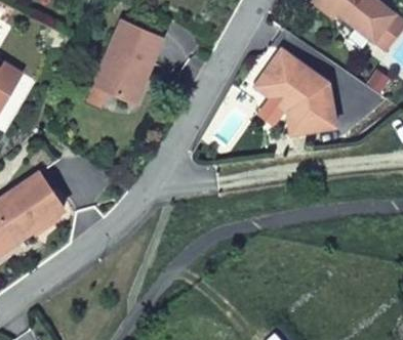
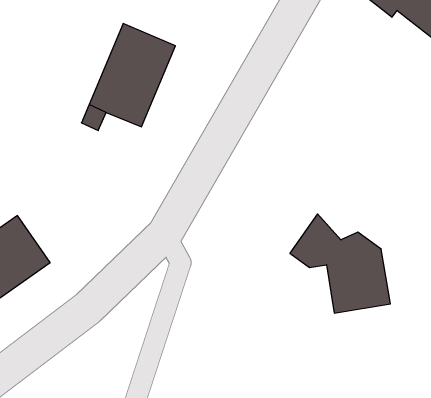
building: [256,55,335,133] -> [290,214,390,313]

